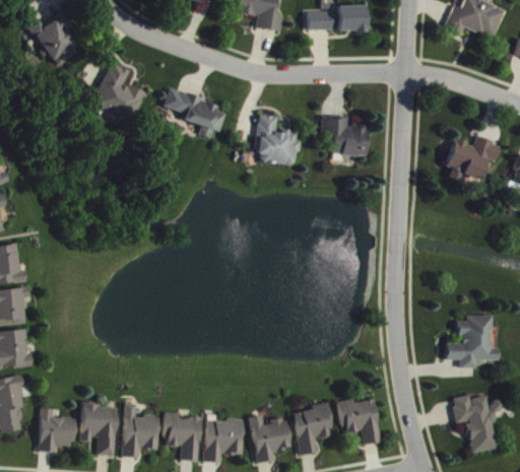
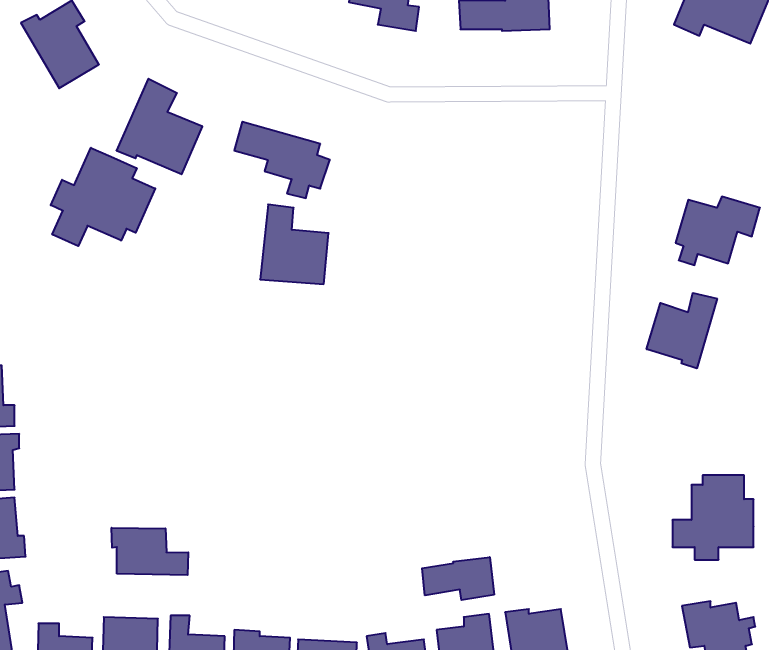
building: none -> [51,148,155,246]
building: [255,114,299,164] -> [260,204,329,284]
building: [326,118,367,159] -> none
building: none -> [647,293,717,368]
building: none -> [112,528,188,575]
building: none -> [422,557,494,600]

